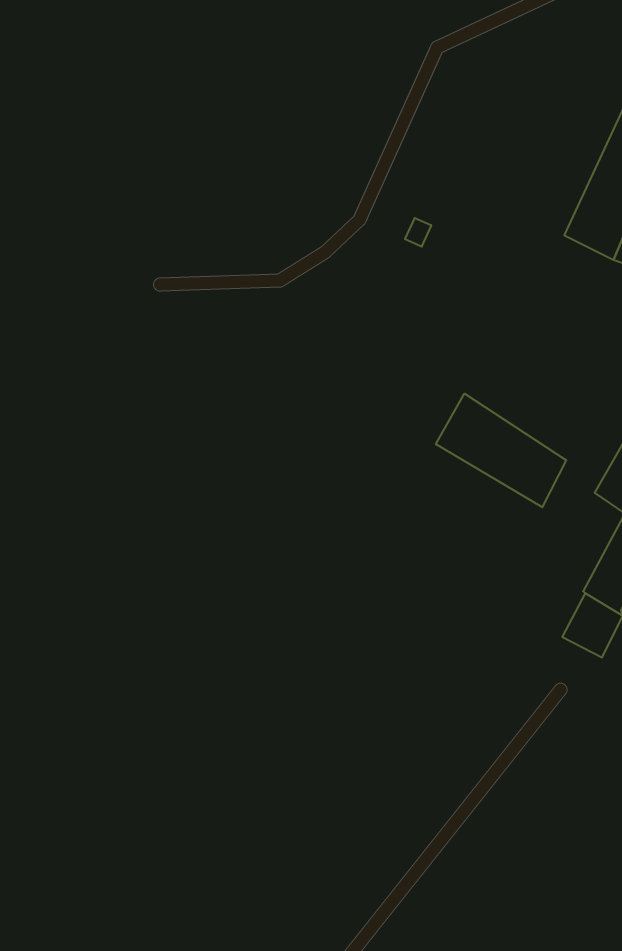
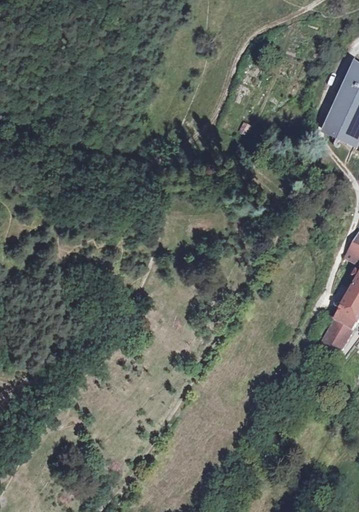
building: [436,394,566,507] -> none

